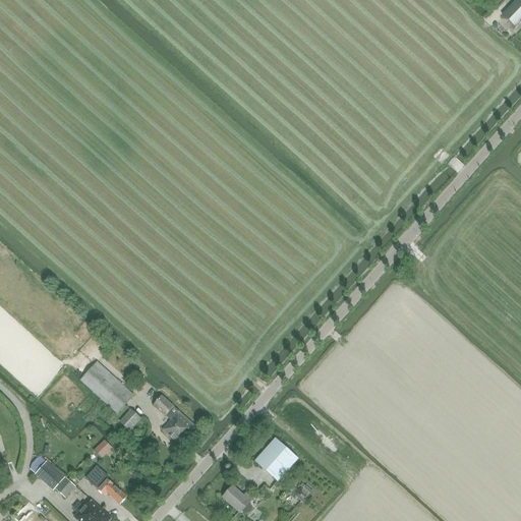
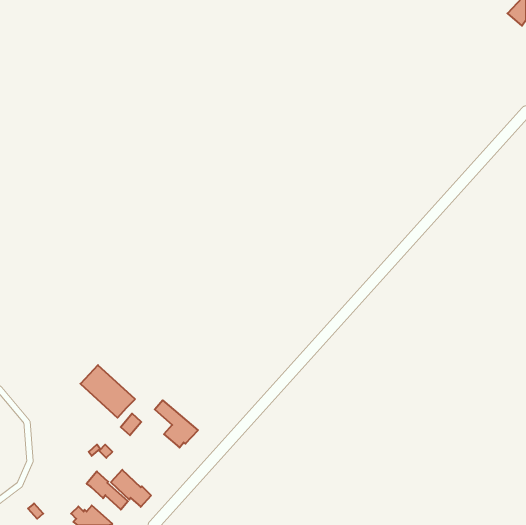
building: [254,437,297,480] -> none
building: [35,460,74,497] -> [111,470,151,507]
building: [222,484,252,513] -> none

